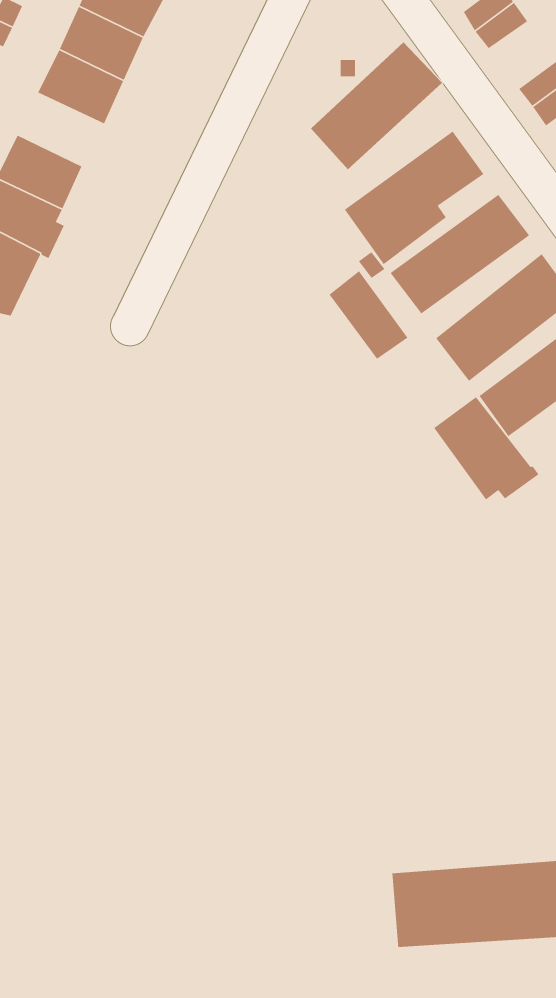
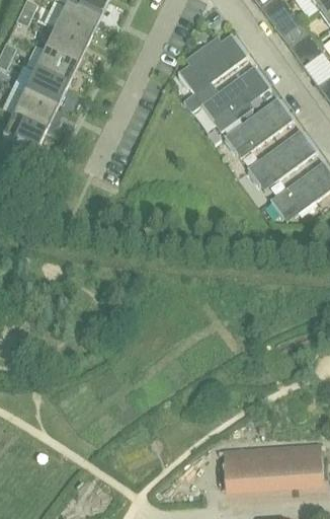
building: none -> [32,48,77,85]
building: [328,270,408,360] -> none
building: [433,396,540,500] -> none

